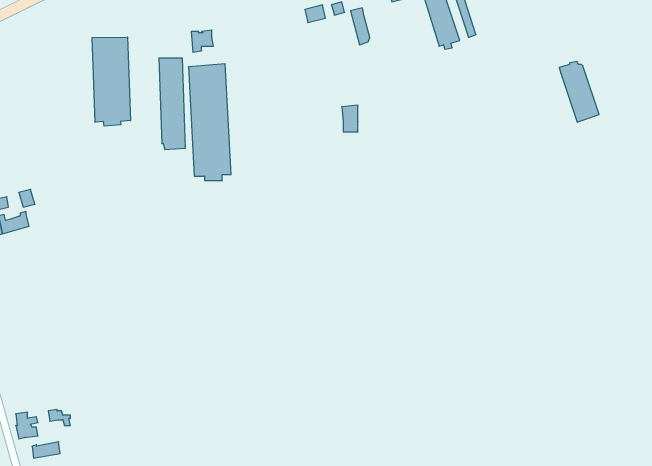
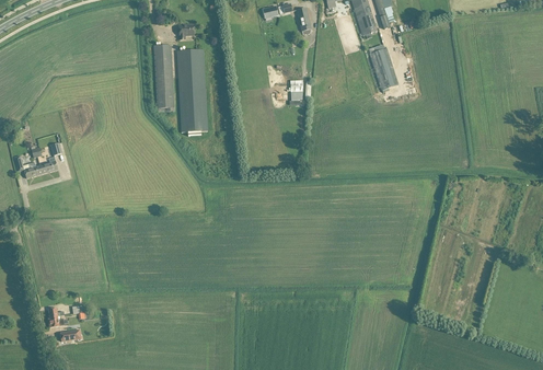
building: [92,37,130,126] -> none
building: [559,61,599,122] -> [369,44,398,89]

